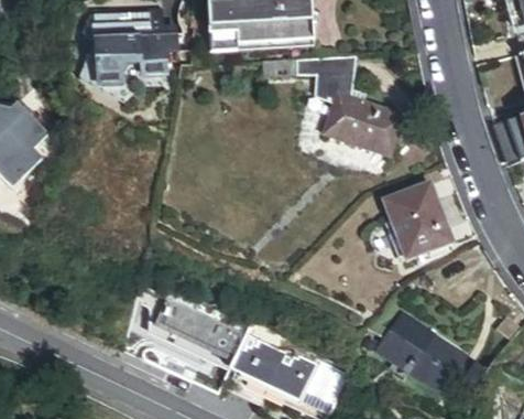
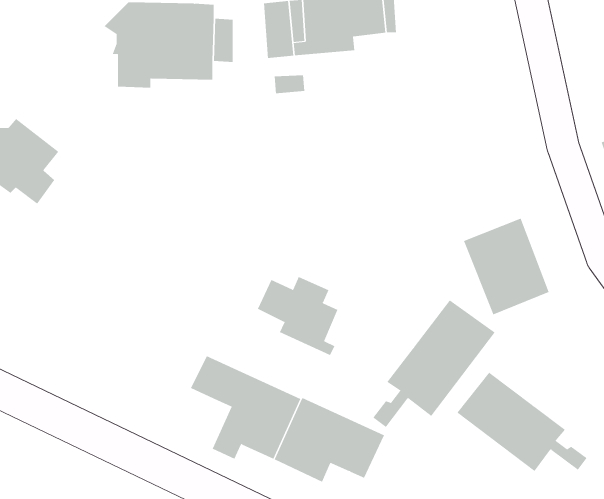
building: [261,55,403,158] -> none
building: none -> [257,276,338,356]
building: none -> [372,299,495,428]
building: [301,362,343,409] -> none

